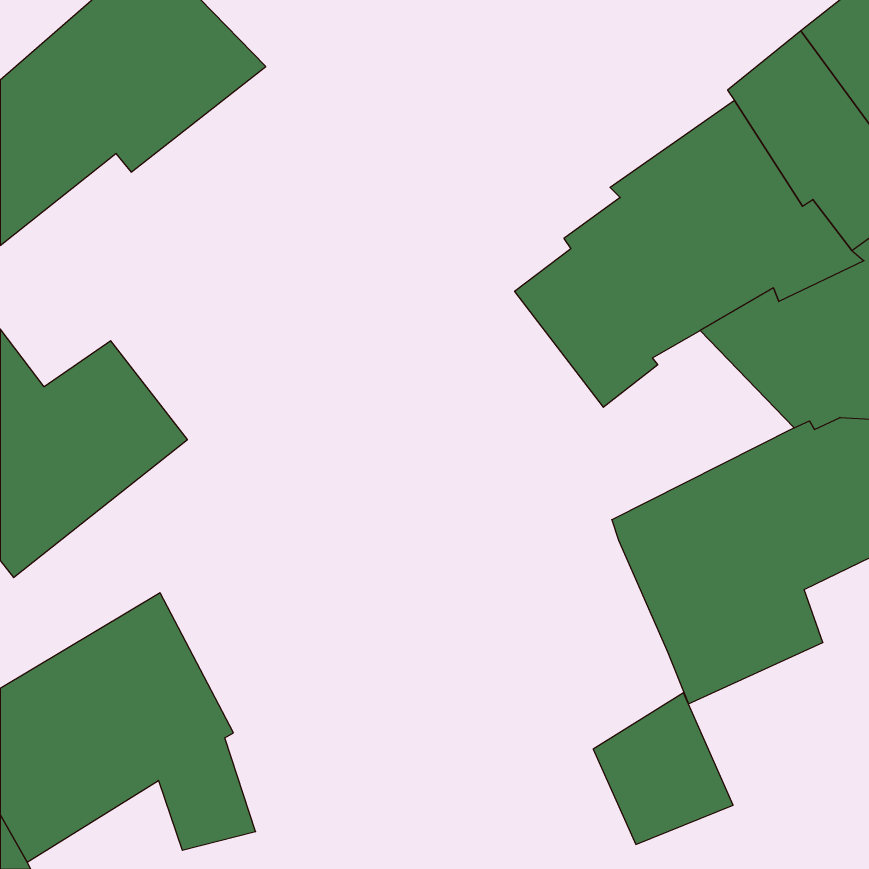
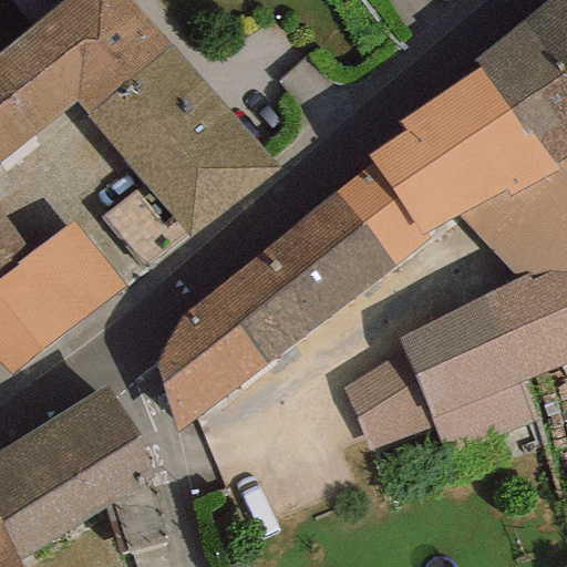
building: none -> [86,43,280,238]
building: none -> [157,189,393,431]
building: [593,693,733,844] -> [344,351,435,450]

